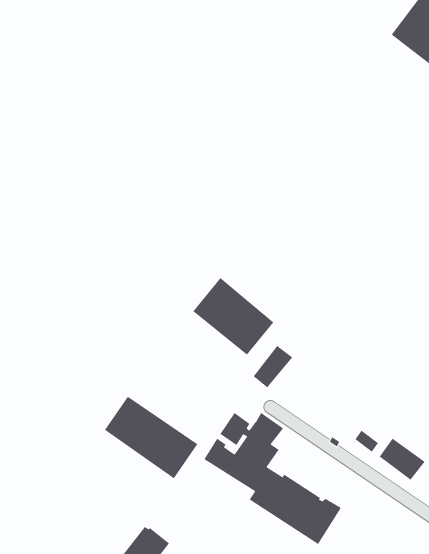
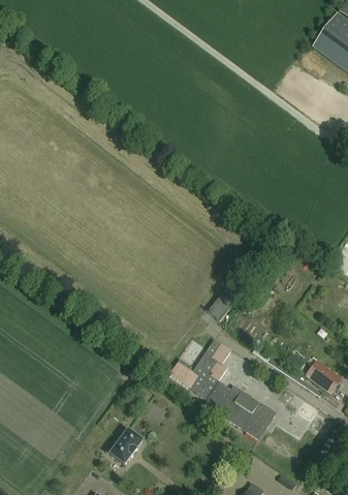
building: [192,277,274,355] -> none
building: [104,396,198,479] -> none

